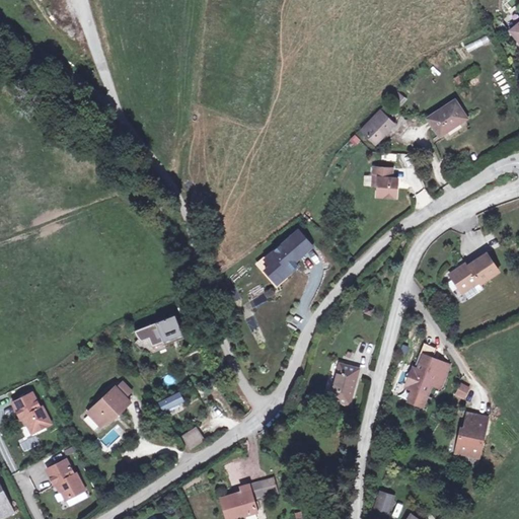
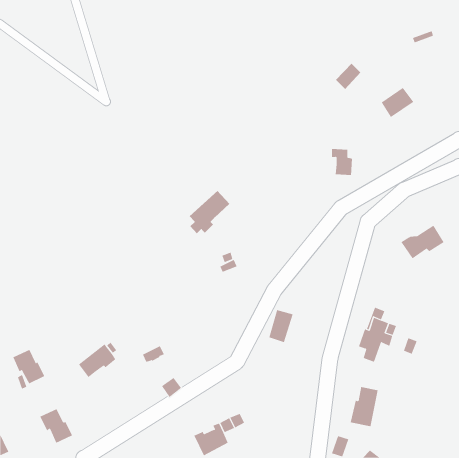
building: [362,112,391,142] -> [335,63,361,90]
building: [271,234,317,284] -> [189,190,230,234]
building: [131,314,179,346] -> none
building: [335,363,363,400] -> [268,310,294,343]
building: [454,411,487,456] -> [350,386,378,427]

